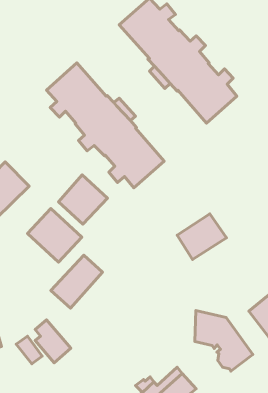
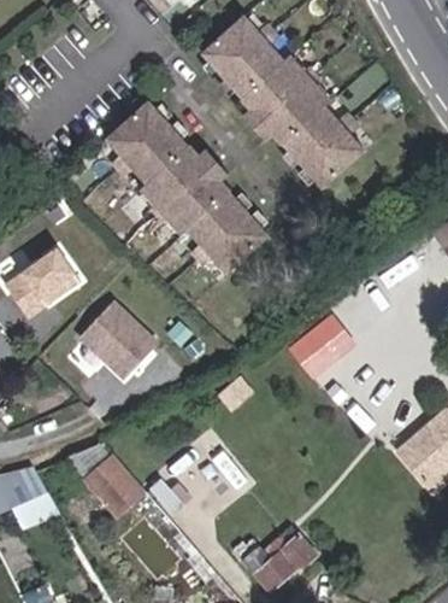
building: [58,175,108,224] -> none
building: [51,255,103,308] -> none
building: [195,311,253,371] -> none

